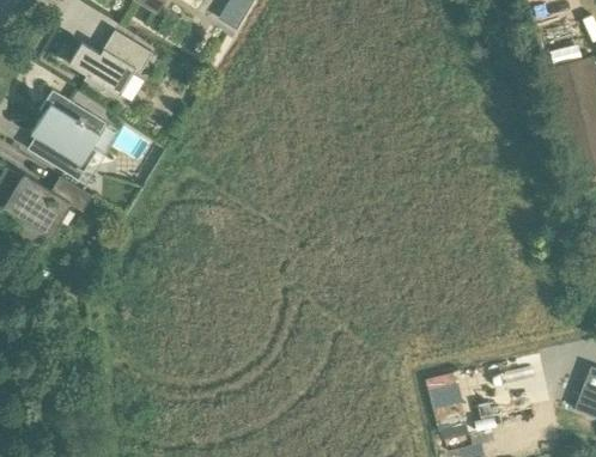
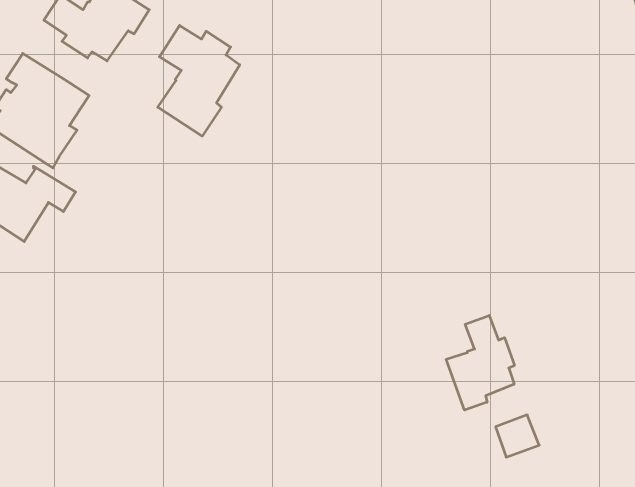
building: none -> [158,25,240,136]
building: none -> [446,315,514,410]

